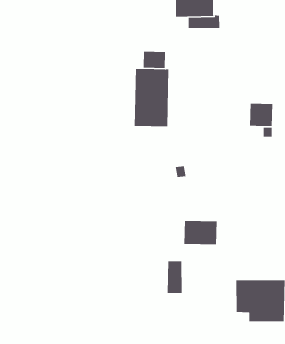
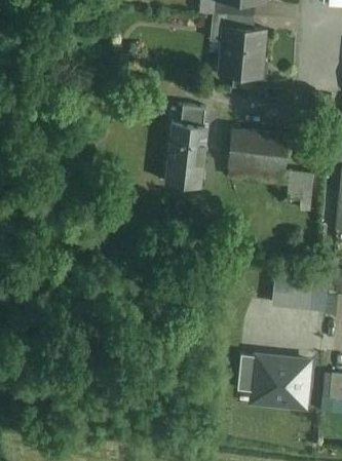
building: none -> [229,131,287,174]
building: [184,220,217,245] -> [272,279,310,309]
building: [167,260,182,294] -> [237,355,257,392]

